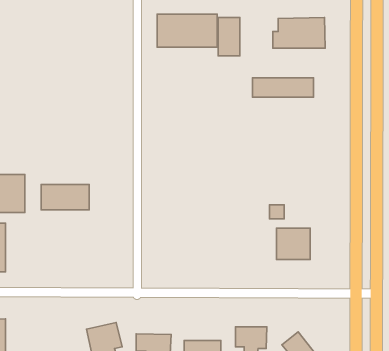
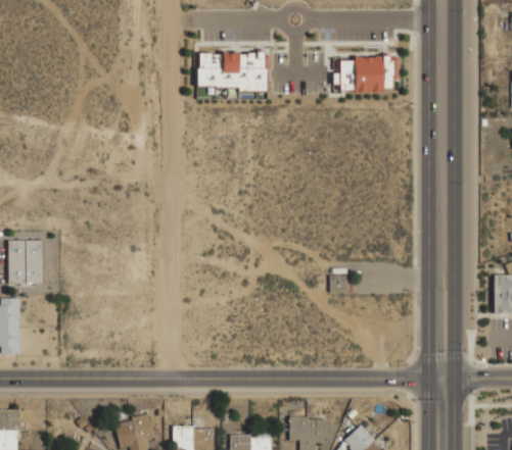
building: [218,18,240,56] -> none
building: [252,78,313,97] -> none
building: [41,185,89,210] -> none
building: [276,228,310,259] -> none

